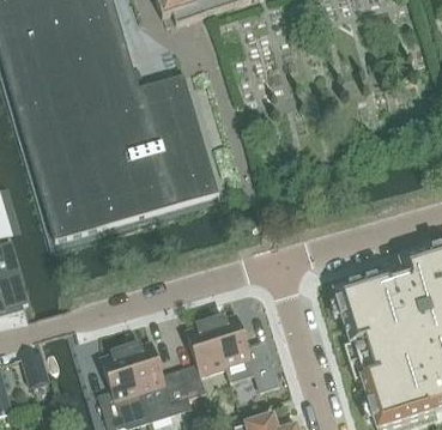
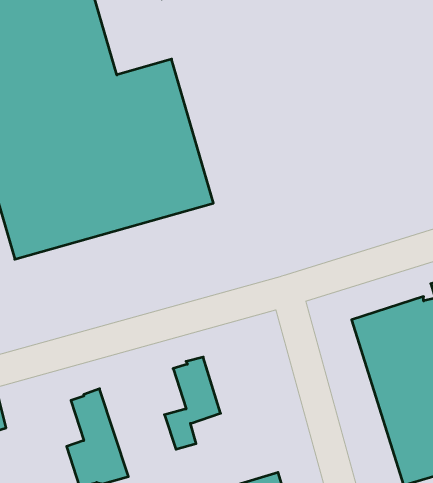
building: [210,314,278,392] -> none
building: [123,341,189,420] -> none

